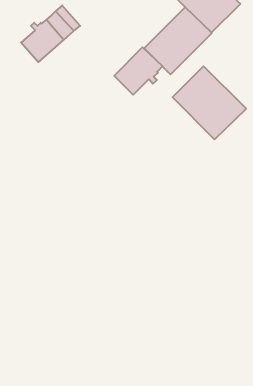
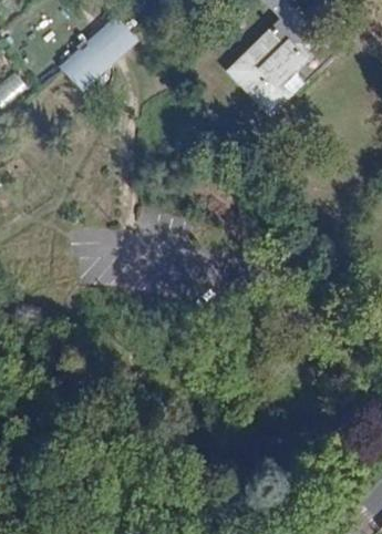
building: [114,47,162,95] -> none
building: [173,66,246,139] -> none

